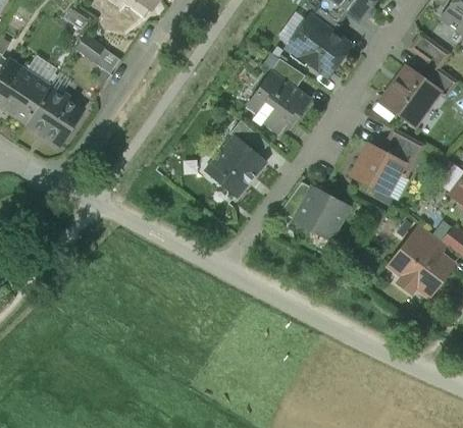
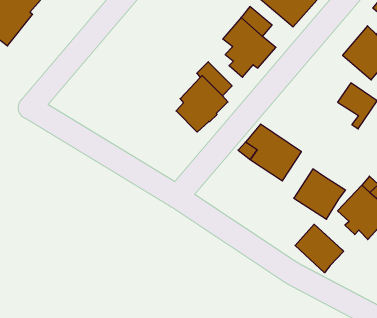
building: [25,88,83,146] -> none
building: [350,145,404,197] -> [294,169,346,219]
building: none -> [295,224,344,273]

